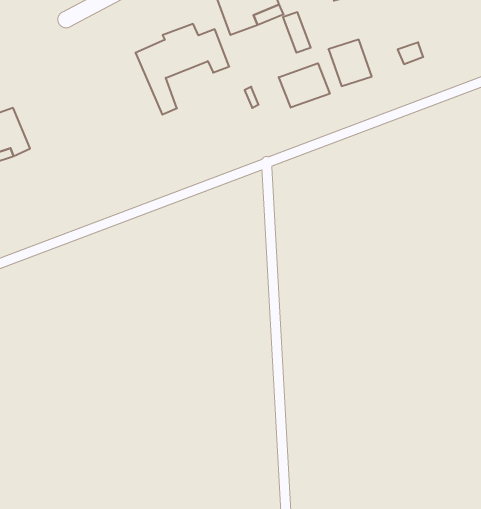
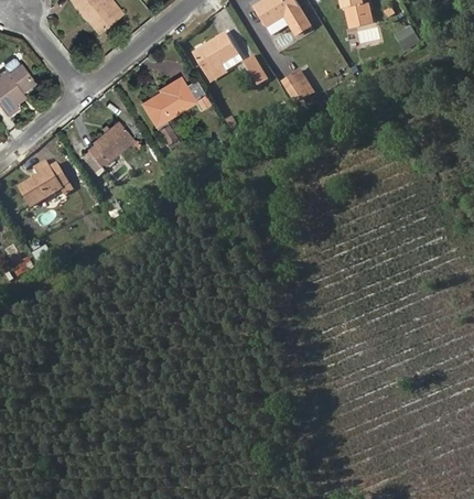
building: [279,63,330,108] -> none
building: none -> [85,121,132,169]

